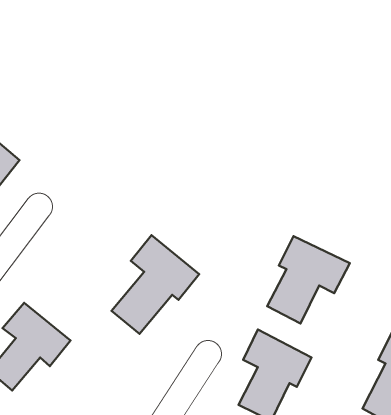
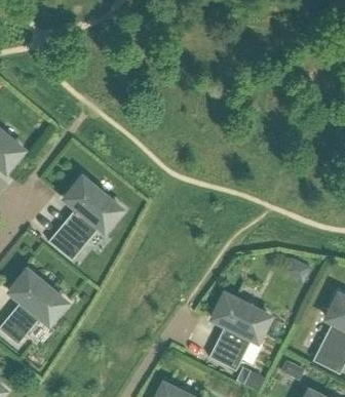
building: [111,235,199,334] -> [48,176,122,260]
building: [267,236,350,324] -> none

